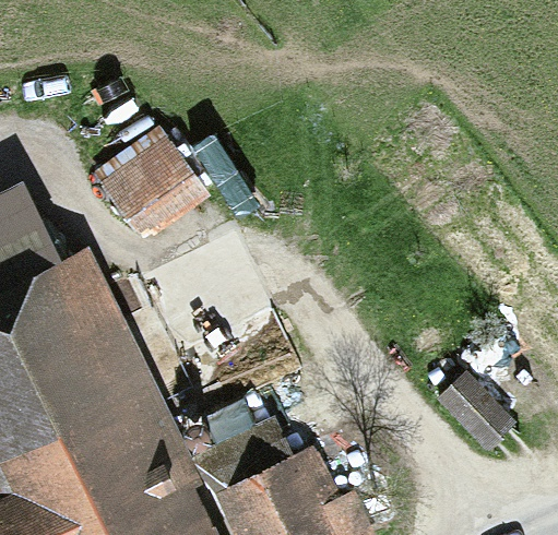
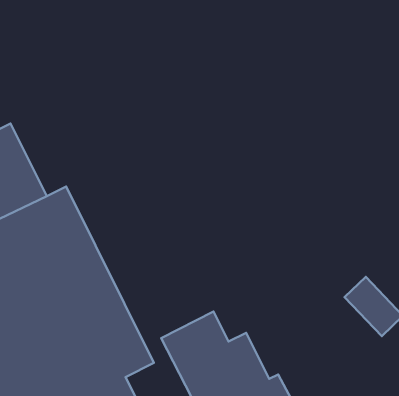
building: [107,139,199,228] -> none

